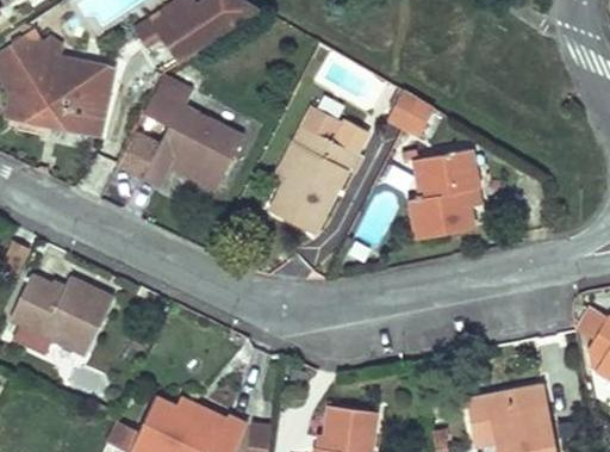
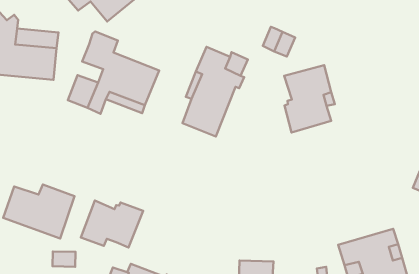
building: none -> [81,201,143,248]

